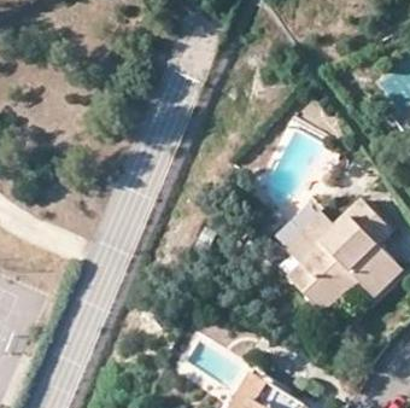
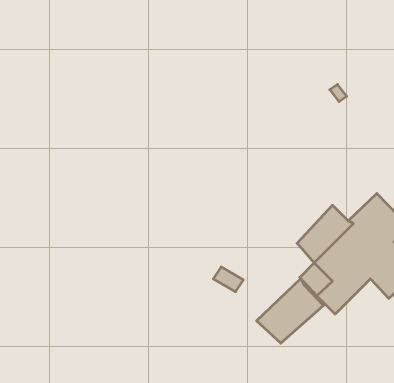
building: none -> [257,278,324,343]

